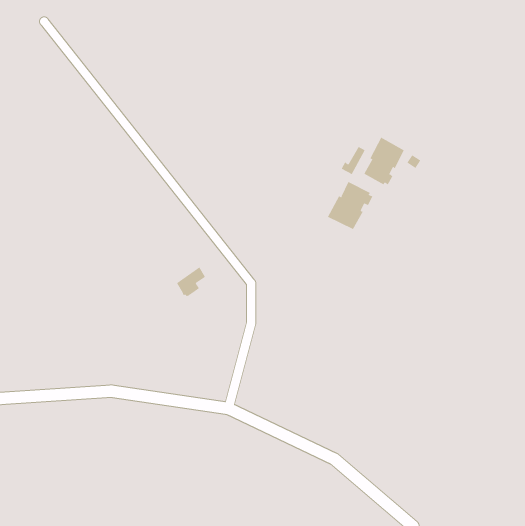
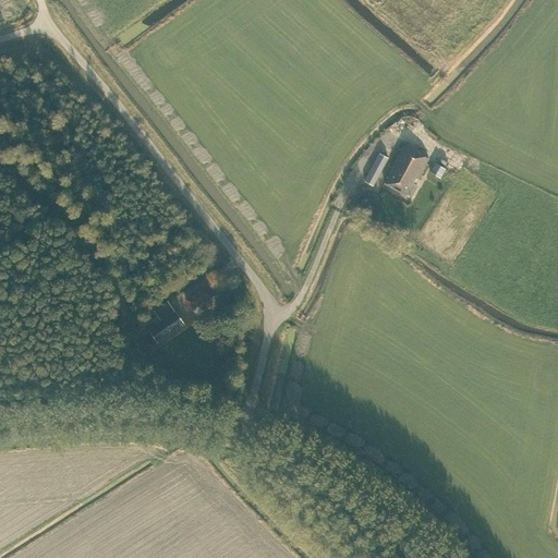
building: [327,181,373,230] -> none
building: none -> [146,302,185,347]

